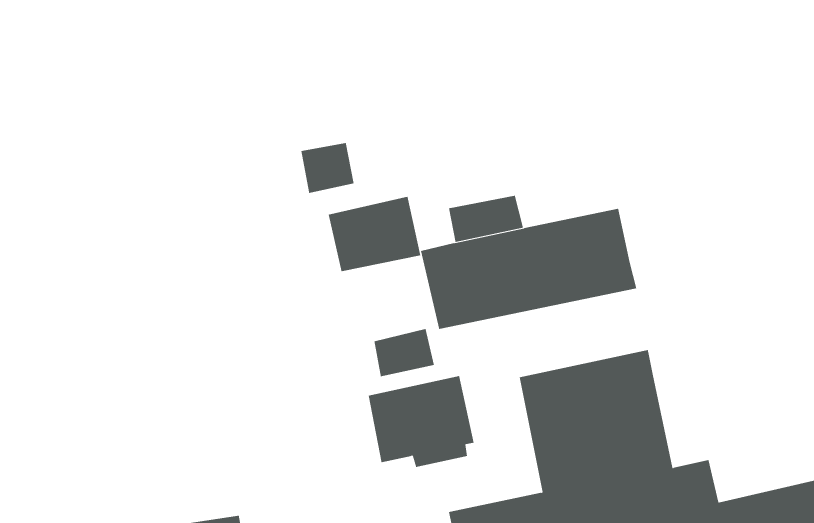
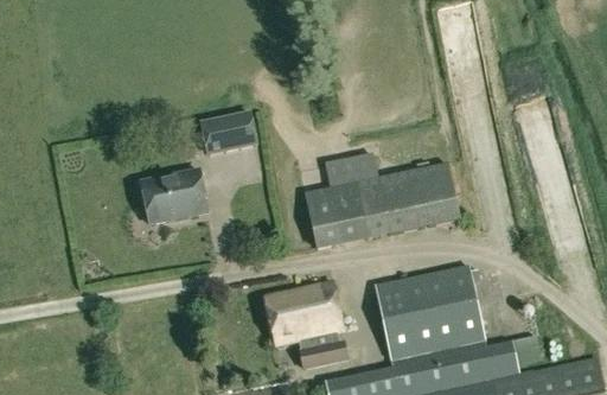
building: [328,196,421,272] -> [140,170,207,224]
building: [374,328,434,377] -> none
building: none -> [299,339,347,369]

